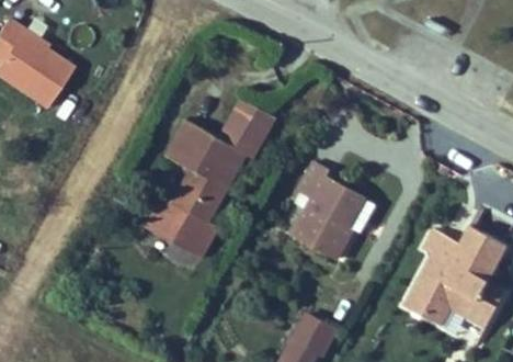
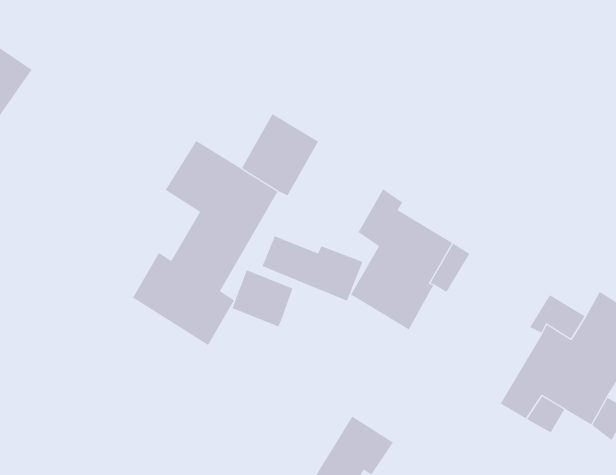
building: none -> [262,236,363,301]
building: none -> [232,269,293,327]

